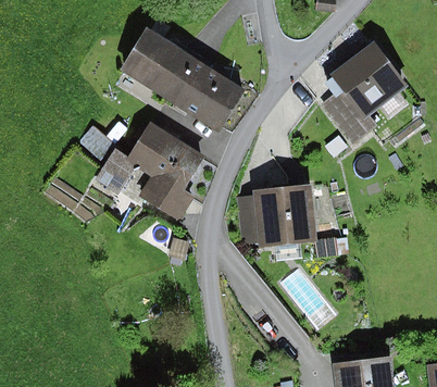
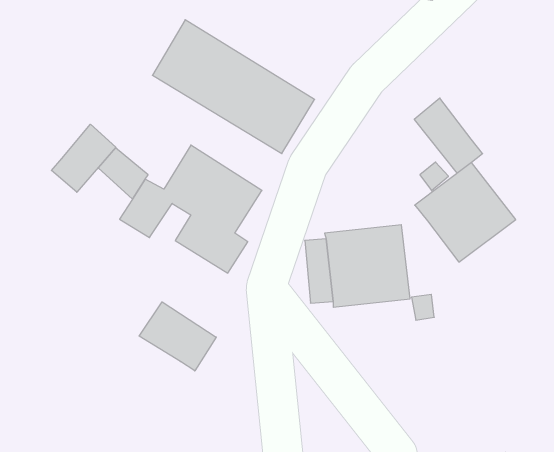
building: [330,42,408,118] -> [415,163,516,262]
building: none -> [51,124,116,192]
building: none -> [139,302,216,371]

